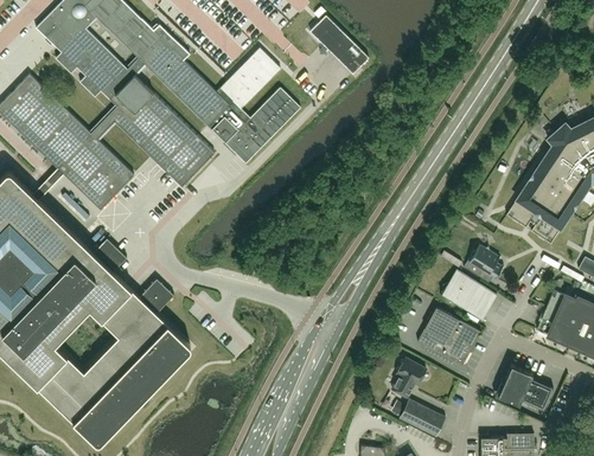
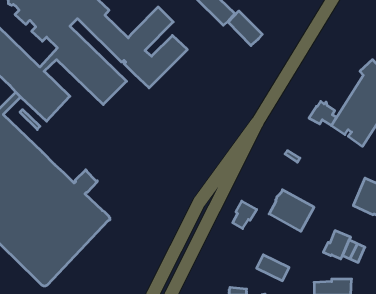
building: none -> [228,11,262,46]
building: [464,244,503,278] -> [309,101,336,126]
building: [440,271,497,321] -> none
building: [392,358,427,397] -> [233,201,257,229]

